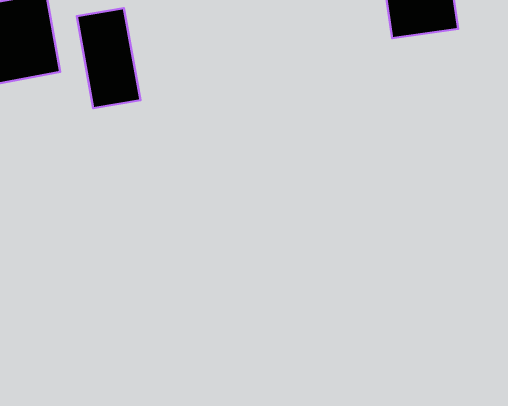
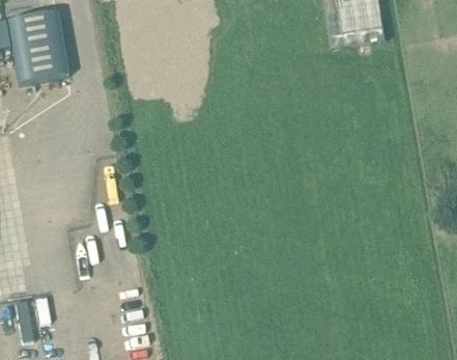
building: [77,8,141,108] -> none

